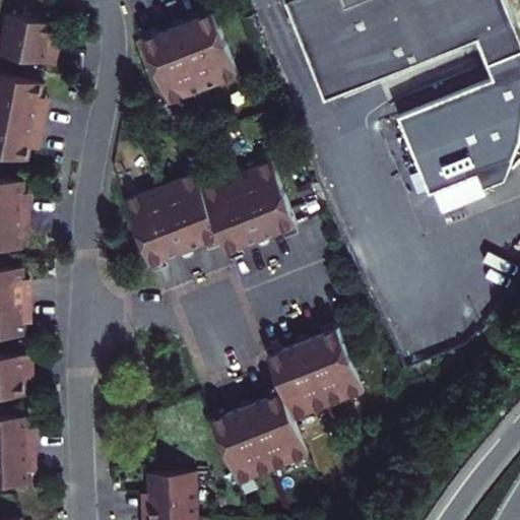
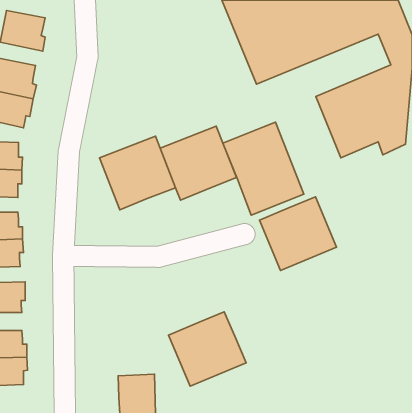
building: [143,10,239,104] -> none
building: none -> [223,122,304,215]
building: [268,330,365,422] -> [260,197,336,270]

